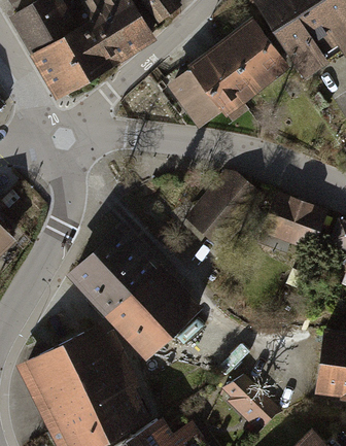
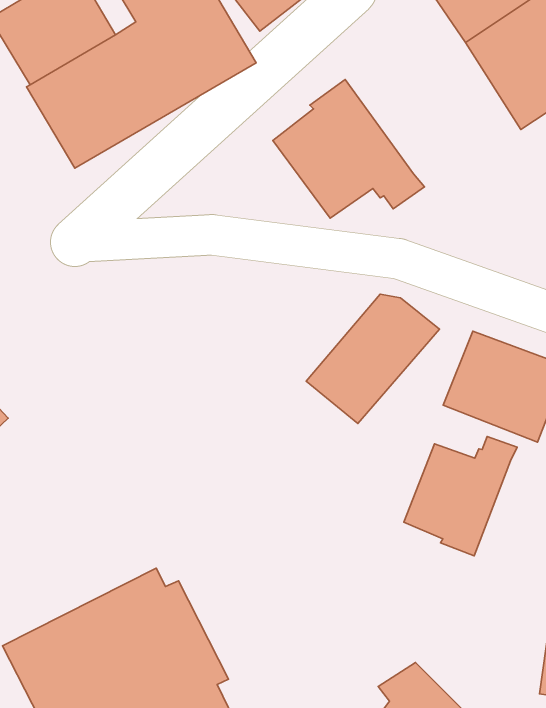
building: [206,18,291,104] -> none
building: [65,222,203,362] -> none
building: none -> [404,436,517,556]

